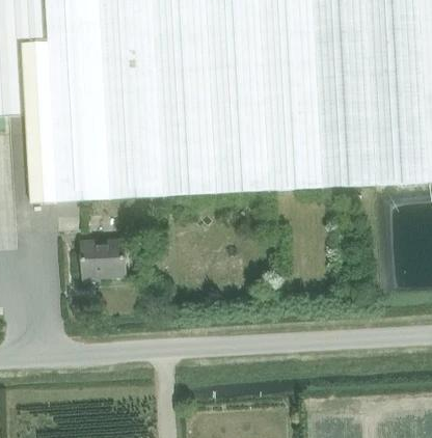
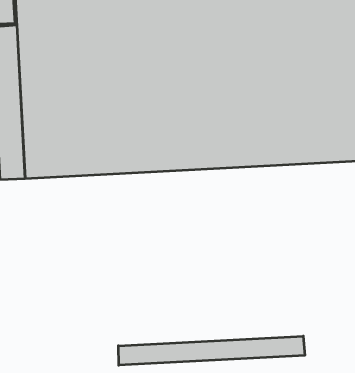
building: [82,239,126,276] -> none
building: none -> [118,336,305,365]

